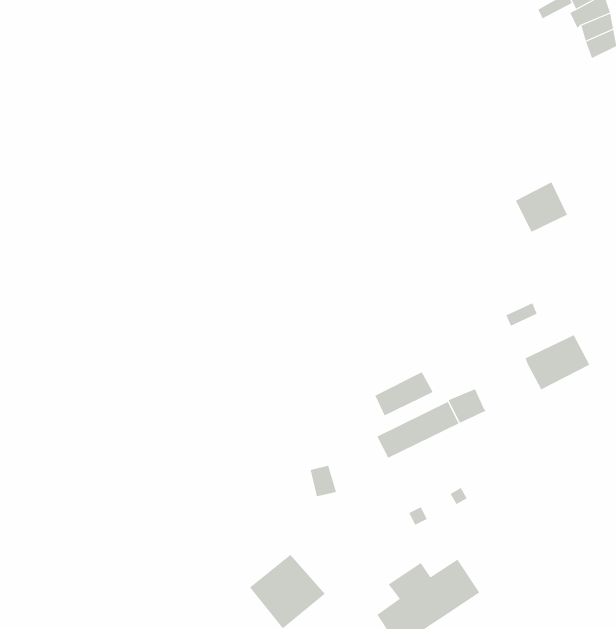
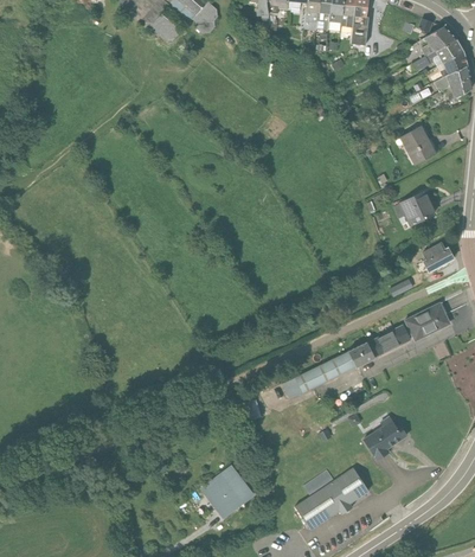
building: none -> [398,123,436,164]
building: none -> [421,242,454,273]
building: [375,372,433,416] -> [366,325,410,358]
building: none -> [361,420,405,460]

